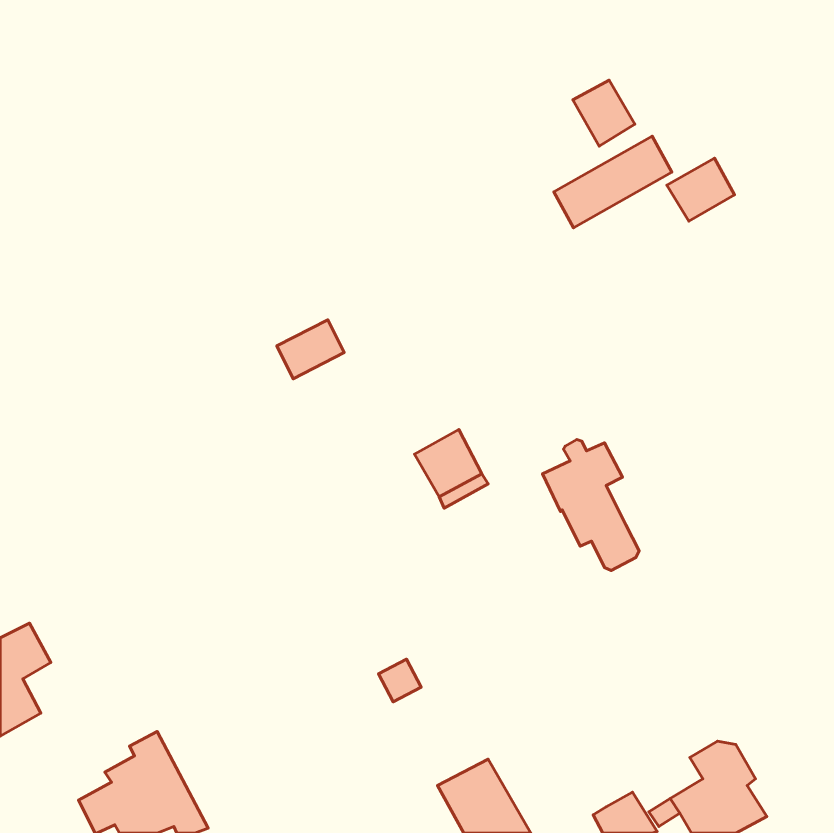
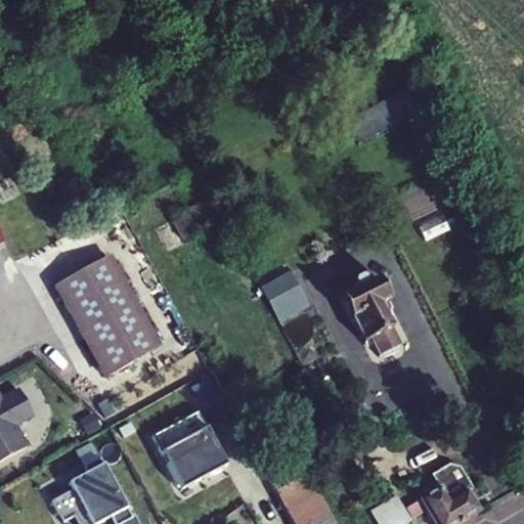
building: [573,80,635,146] -> none
building: [667,158,734,221] -> none
building: none -> [56,256,159,375]
building: none -> [151,409,225,488]

